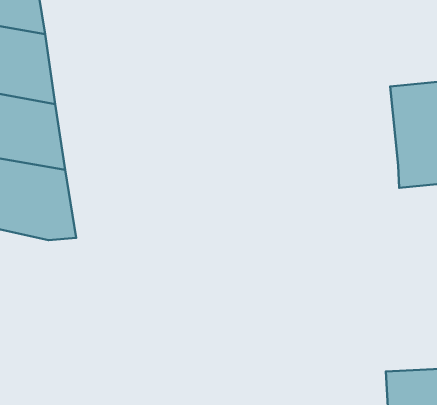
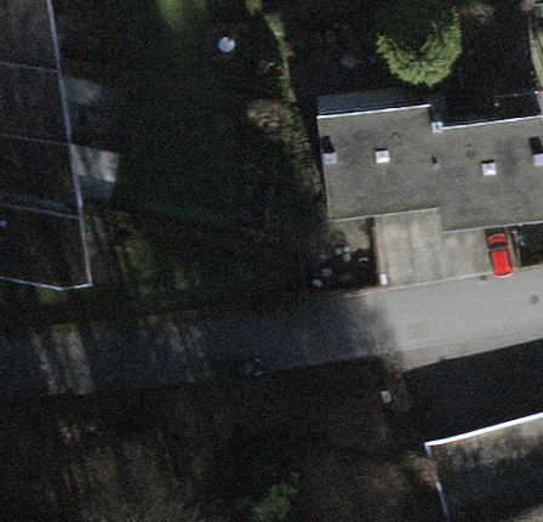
building: none -> [319,98,445,220]

